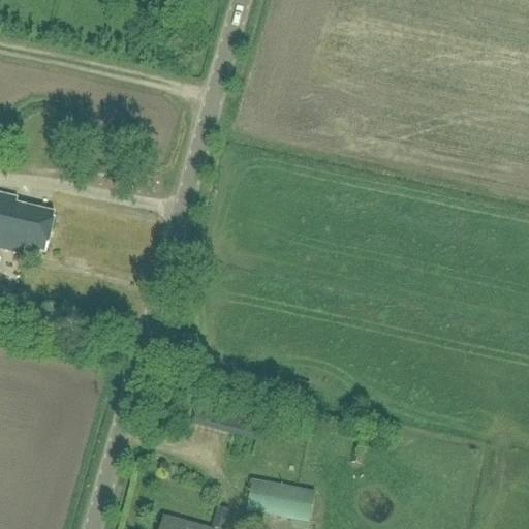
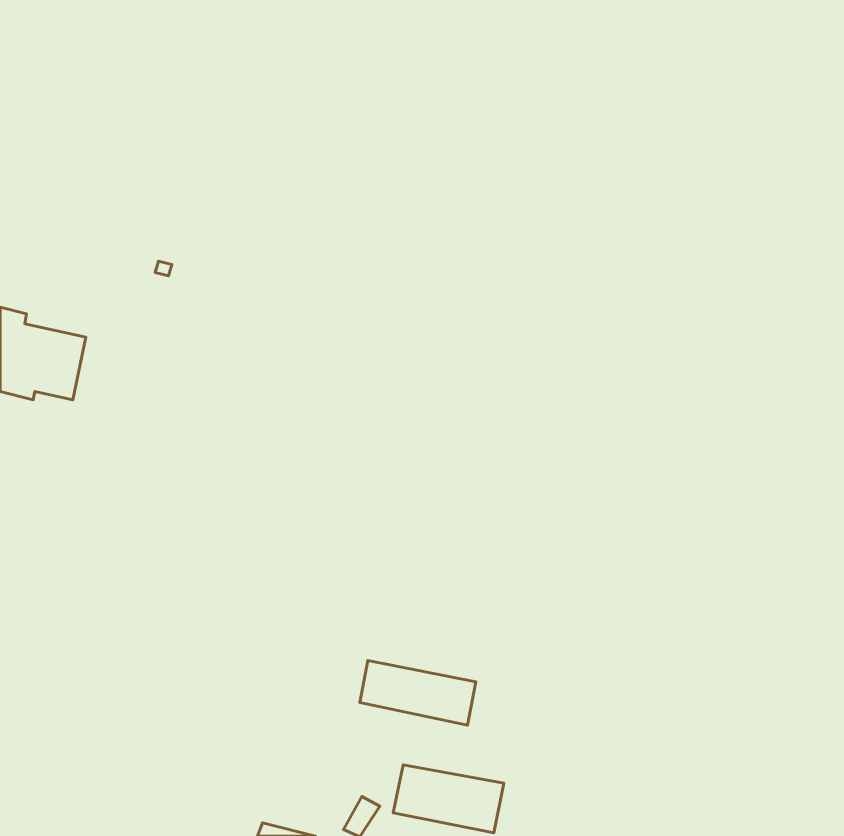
building: none -> [360,660,476,725]

